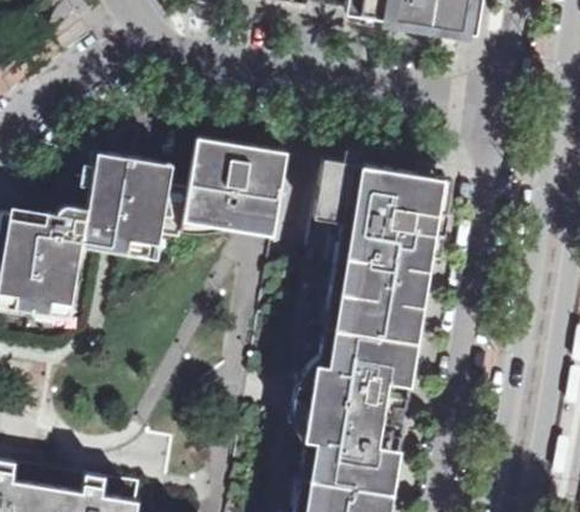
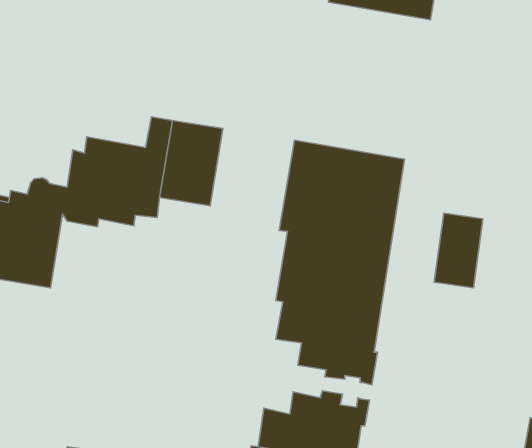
building: [243,145,292,231] -> none
building: none -> [434,213,483,288]
building: [297,364,401,441] -> none

